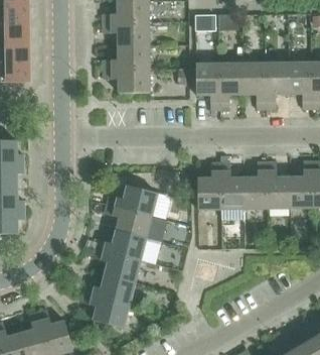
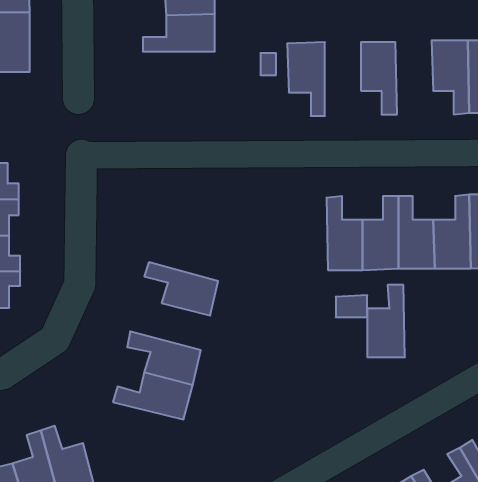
building: [266,62,290,109] -> none
building: [220,63,244,110] -> none
building: [104,69,151,93] -> none
building: [198,162,222,209] -> [367,285,405,357]
building: [108,185,158,216] -> none
building: [96,230,147,260] -> none
building: [83,293,130,328] -> none

